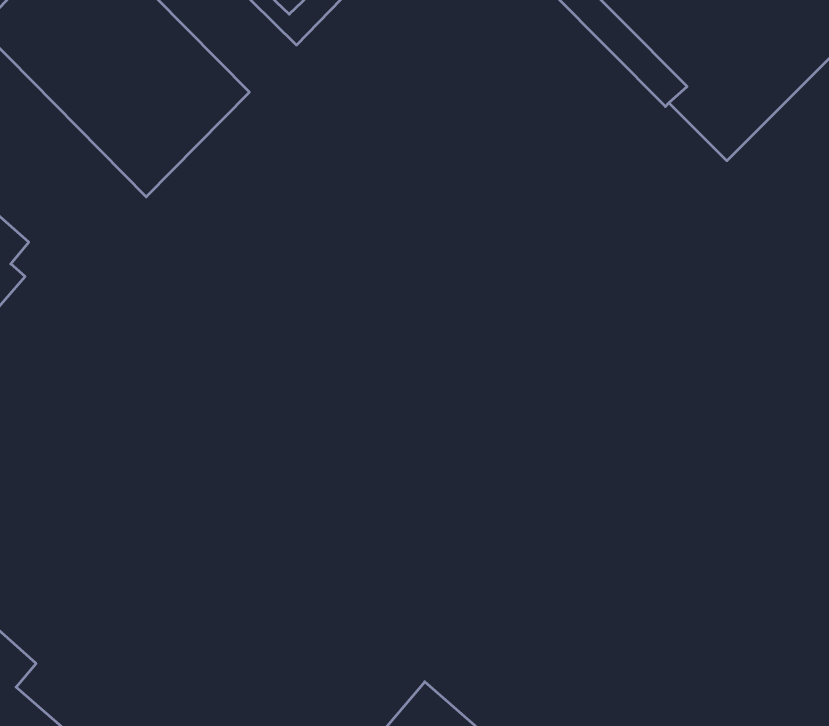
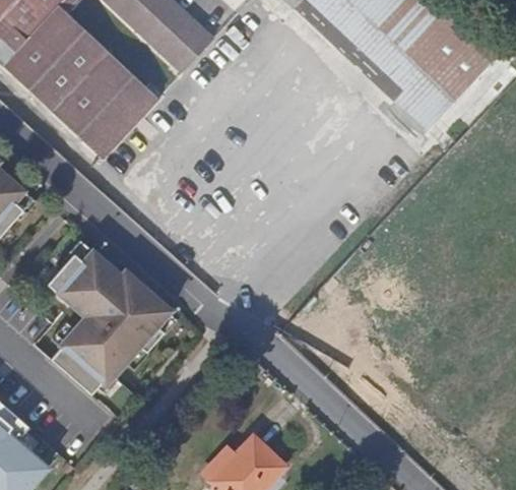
building: none -> [51,243,176,388]

